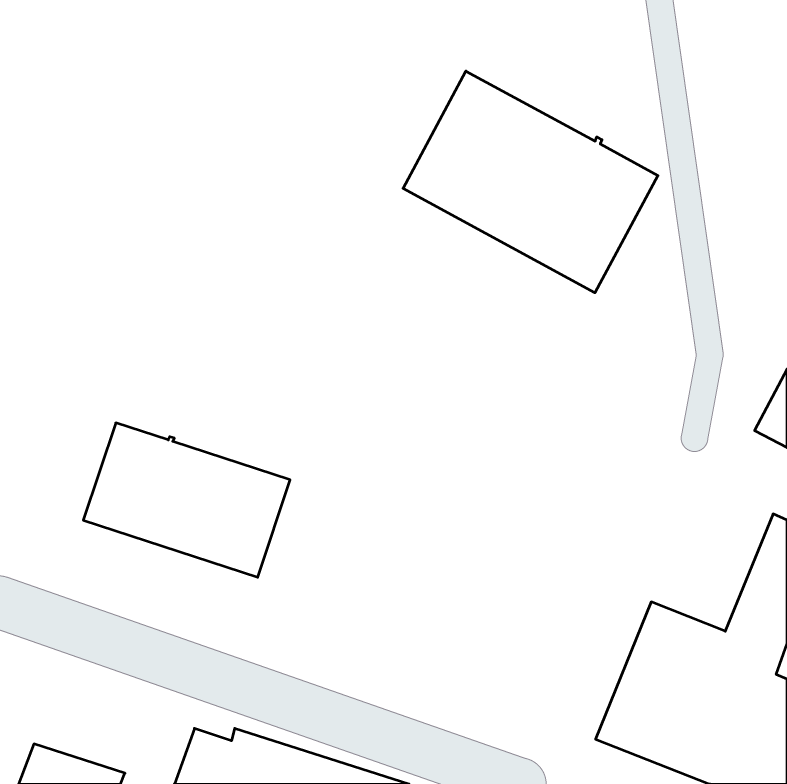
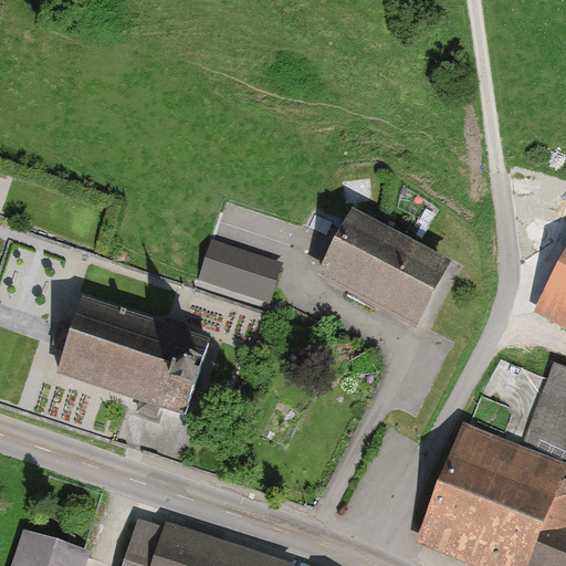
building: [403,71,658,293] -> none
building: none -> [323,219,442,321]
building: none -> [201,243,279,296]

